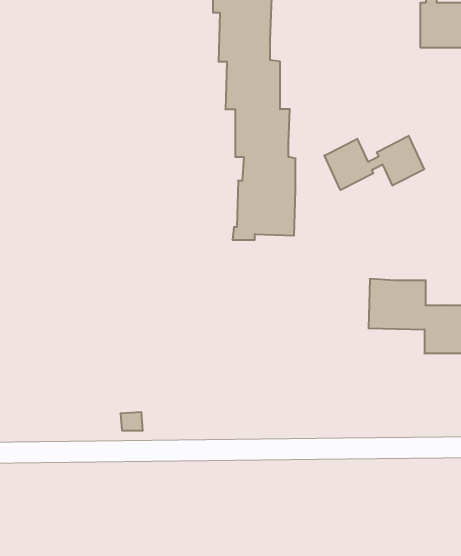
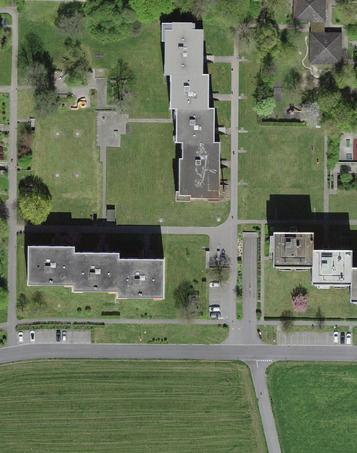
building: [324,136,424,190] -> none
building: none -> [28,245,166,298]

